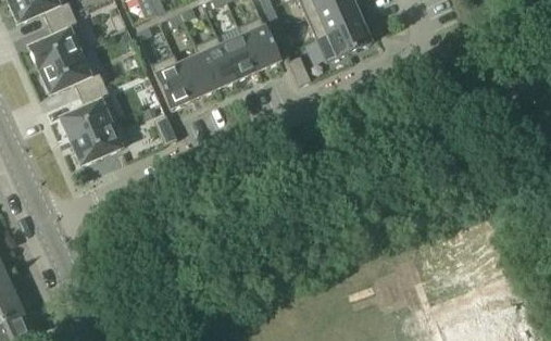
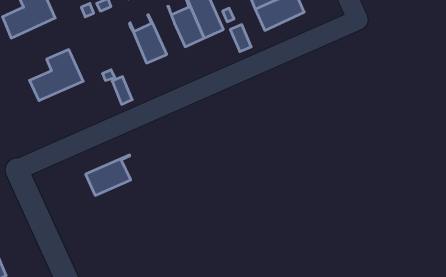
building: [195,34,236,88] -> none
building: [39,47,104,93] -> none
building: [151,53,192,108] -> none
building: [71,118,122,164] -> [86,155,131,195]

